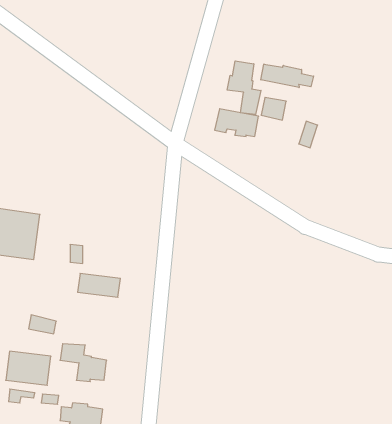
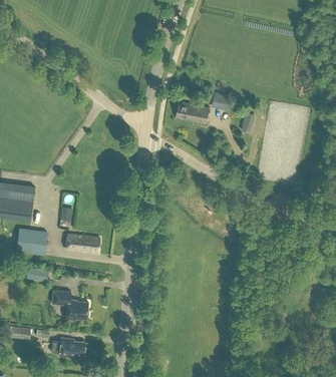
building: [227,61,261,115] -> none
building: [261,64,314,88] -> none
building: [6,351,51,385] -> [16,229,52,256]

